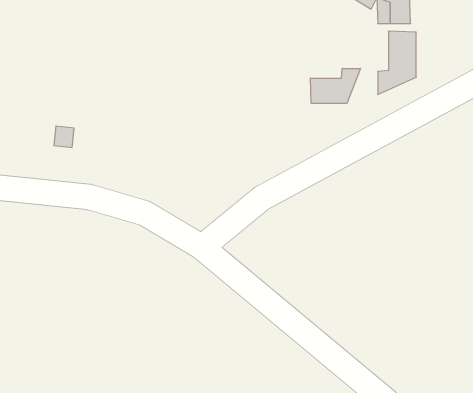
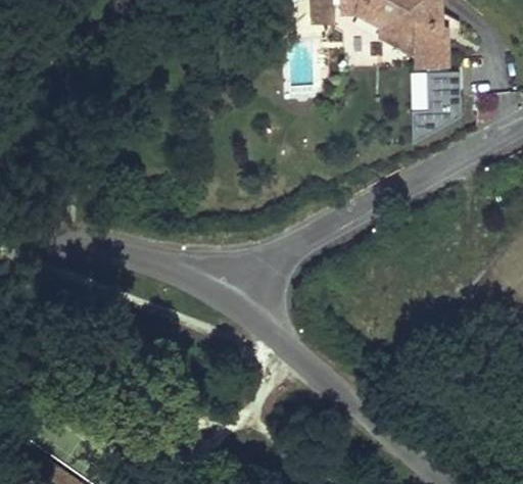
building: [311,68,360,103] -> none

